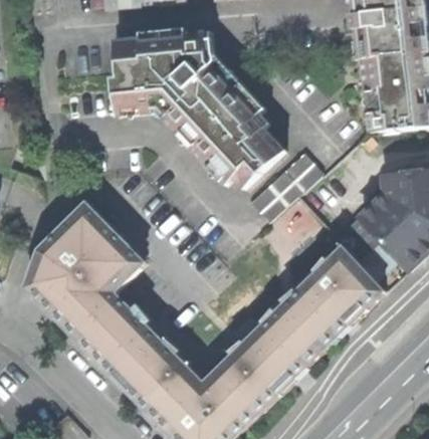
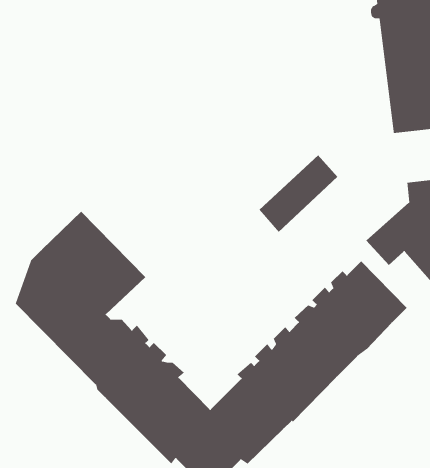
building: [115,31,283,186] -> none

